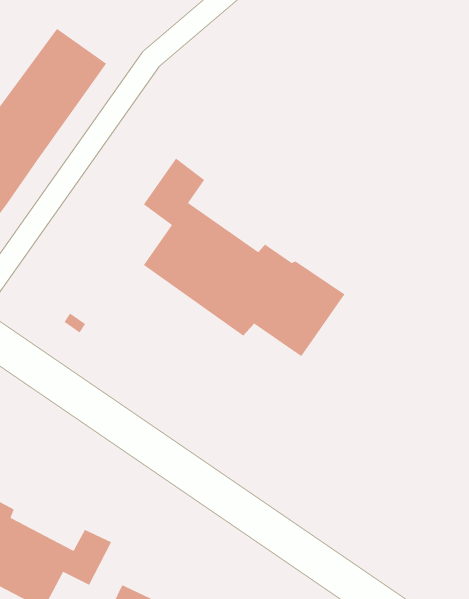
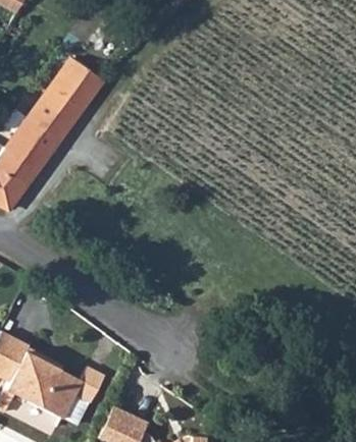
building: [143,158,346,357] -> none

